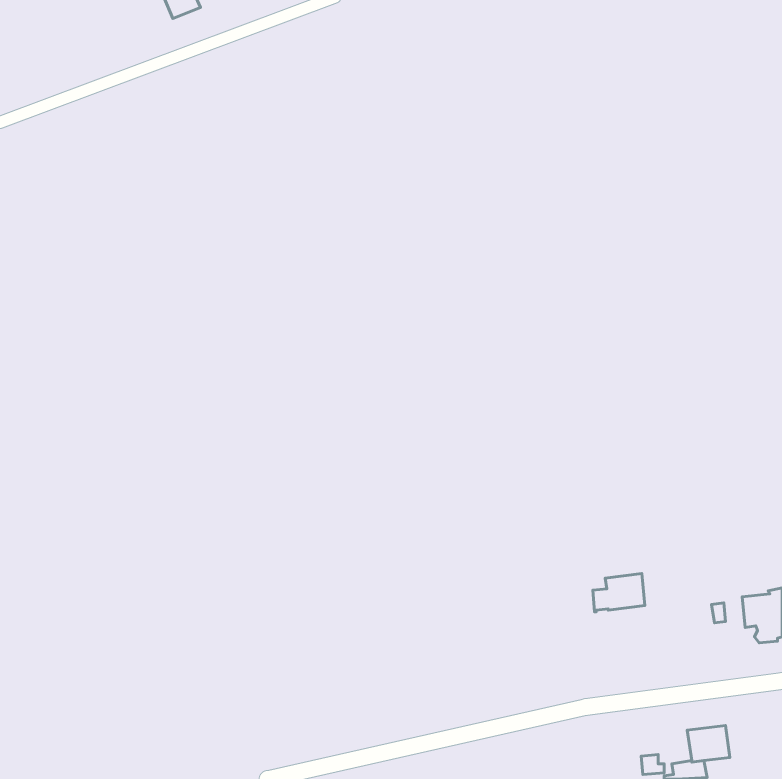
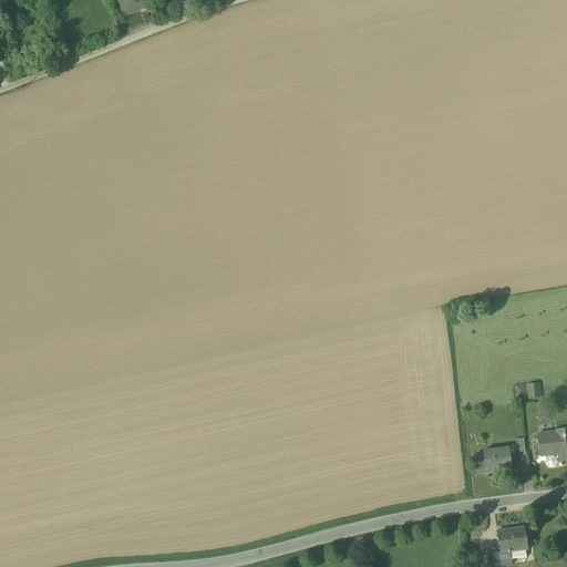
building: [593,573,645,612] -> [474,445,512,473]

